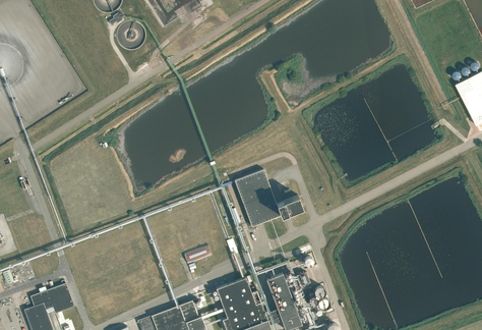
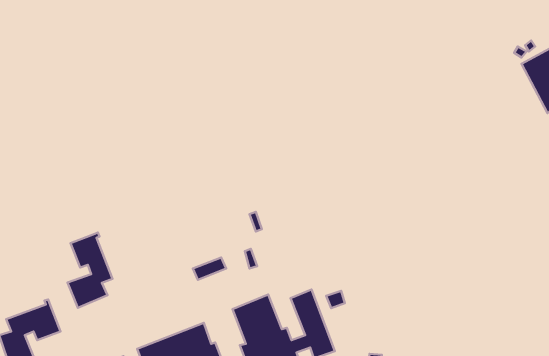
building: [233,170,301,227] -> none
building: none -> [67,233,113,308]

